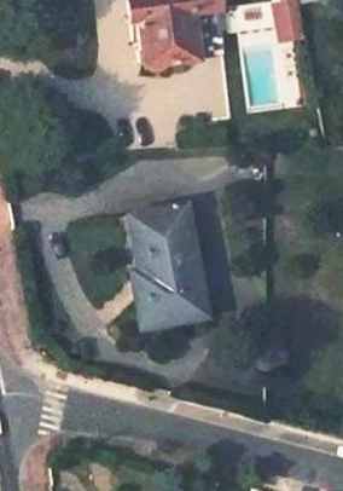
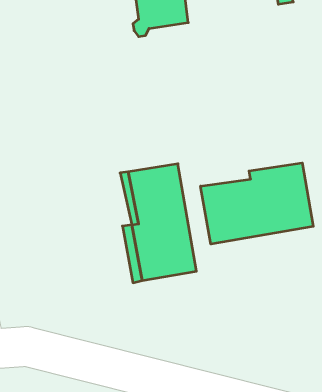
building: none -> [201,163,313,244]

